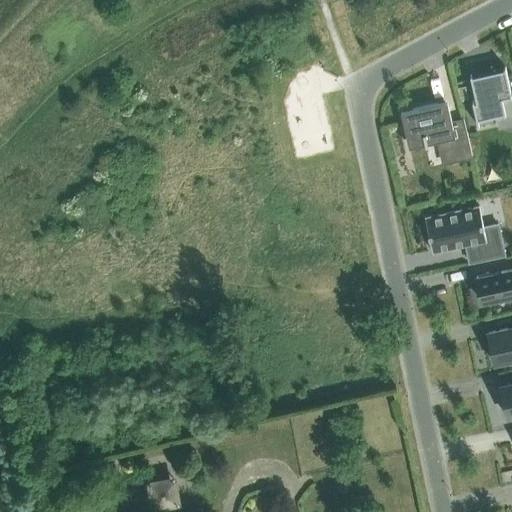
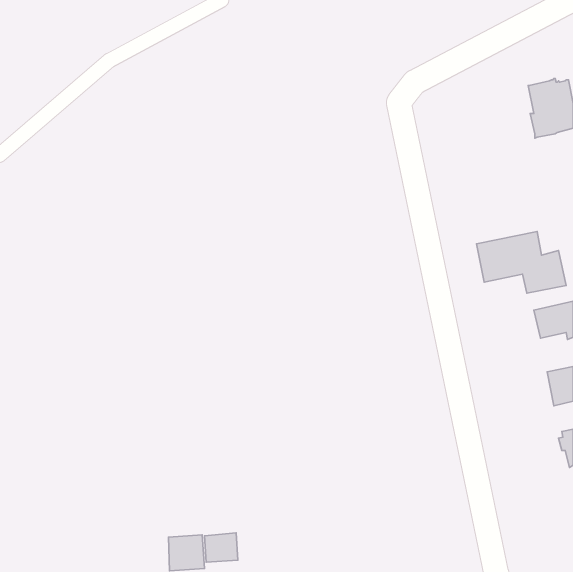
building: [400,102,472,163] -> none
building: none -> [204,533,238,562]

